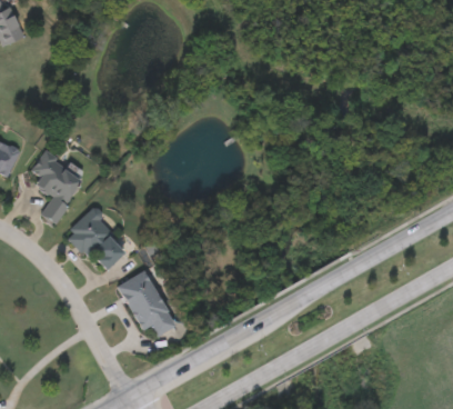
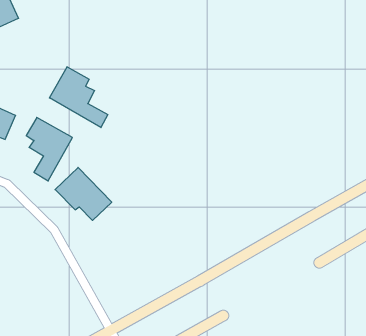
building: none -> [49,67,108,128]
building: [119,270,178,337] -> none

